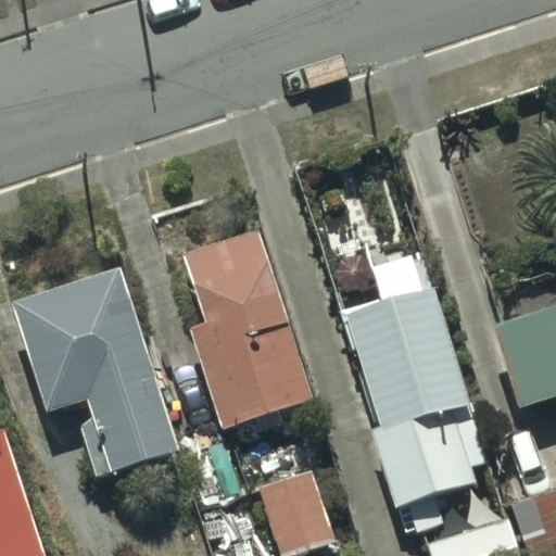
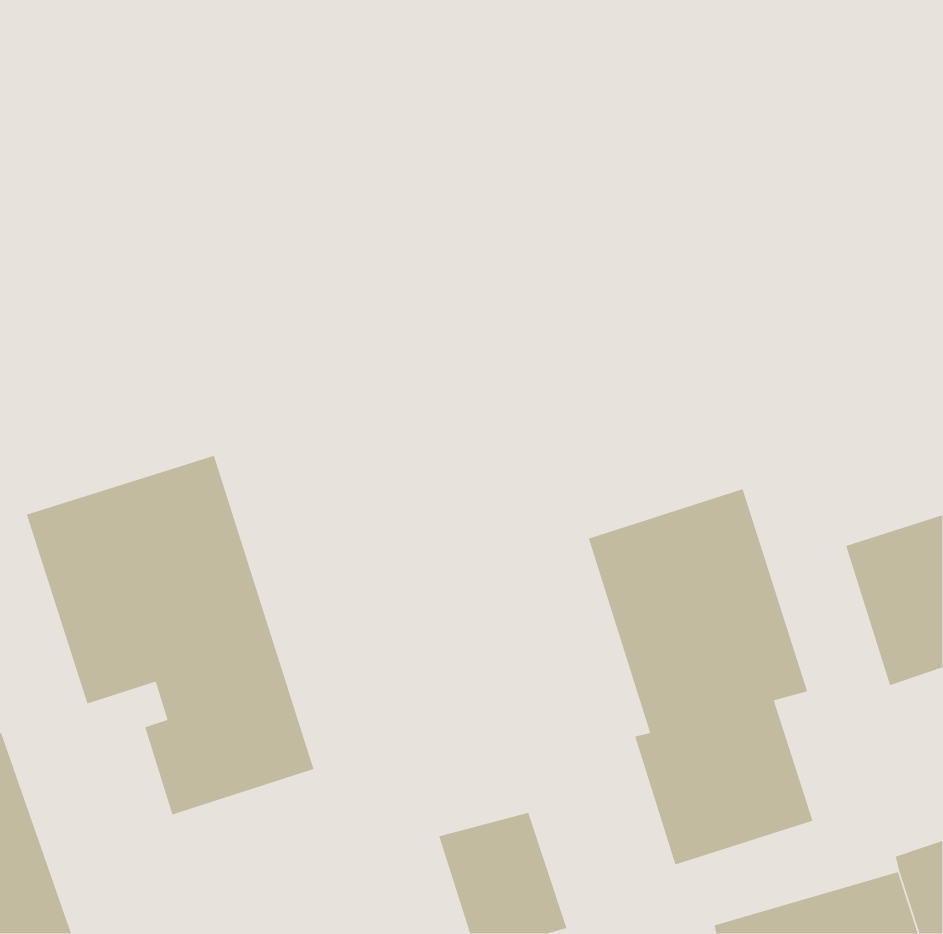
building: [175,229,304,429] -> none

